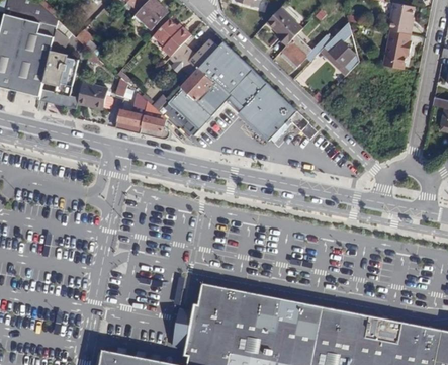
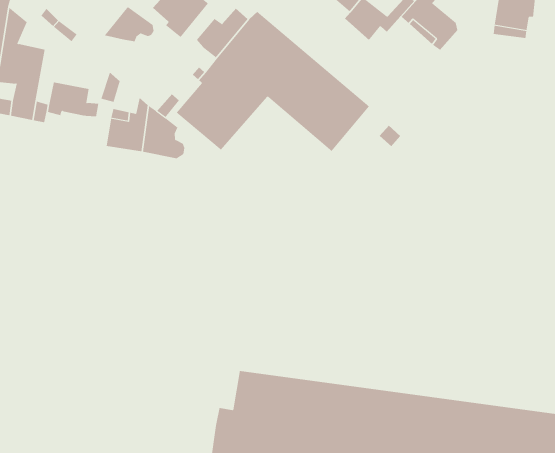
building: none -> [104,6,154,42]

